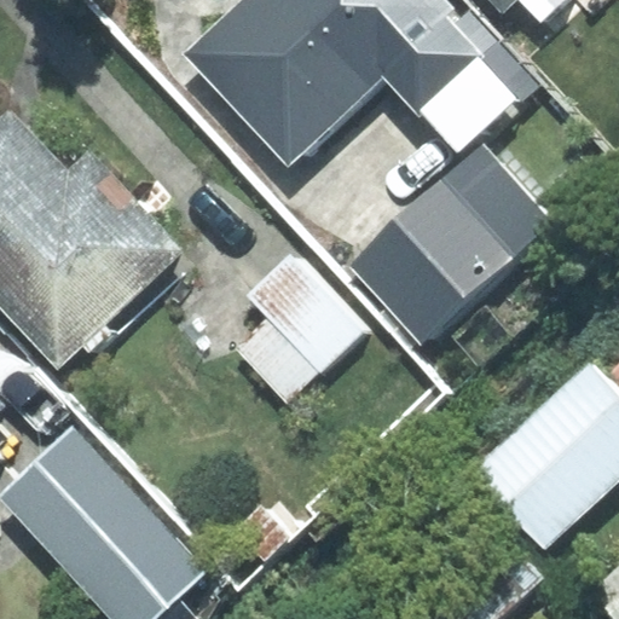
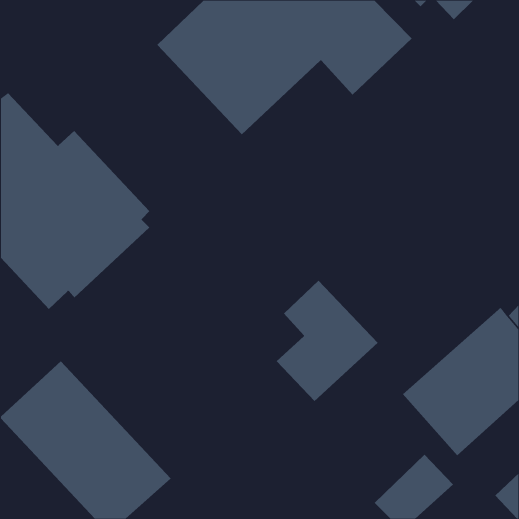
building: [349,146,550,342] -> none
building: [239,255,361,400] -> [276,280,379,402]

